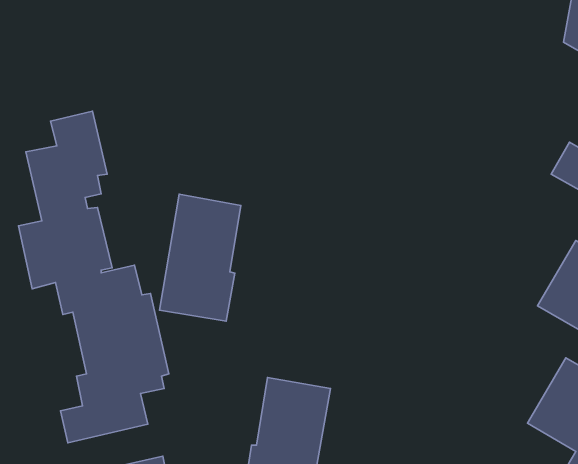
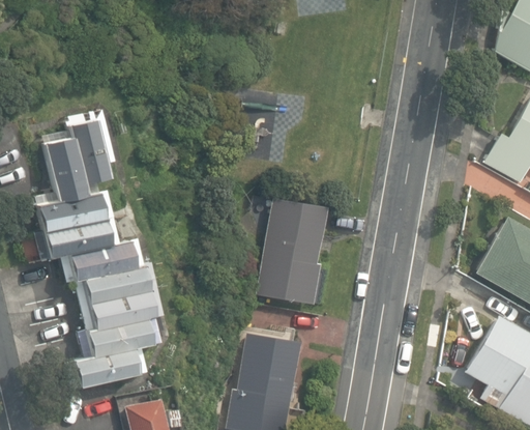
building: [160,194,241,321] -> [257,198,325,305]

